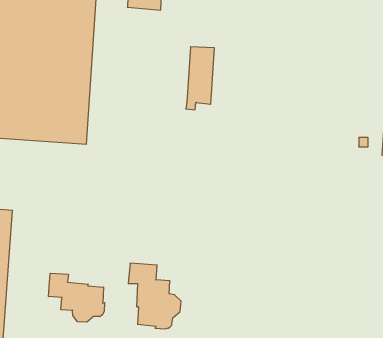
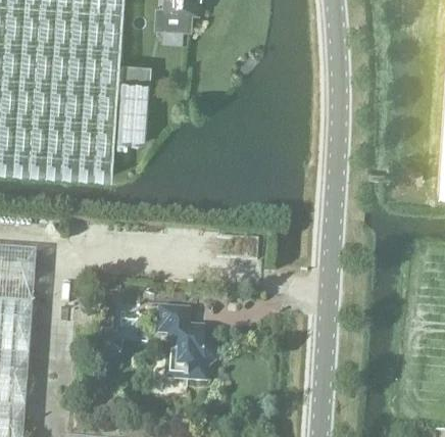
building: [186,47,214,110] -> [117,80,149,149]
building: [49,273,105,322] -> none

